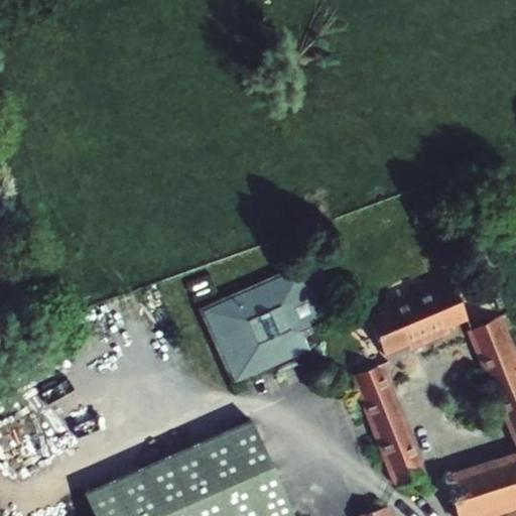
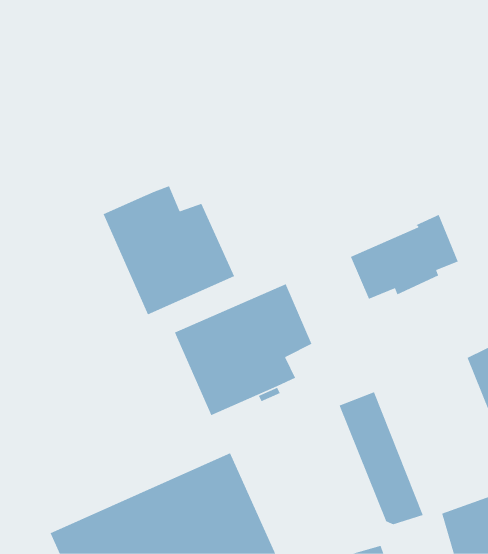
building: none -> [103,185,235,316]
building: [368,276,469,356] -> [350,214,459,300]

